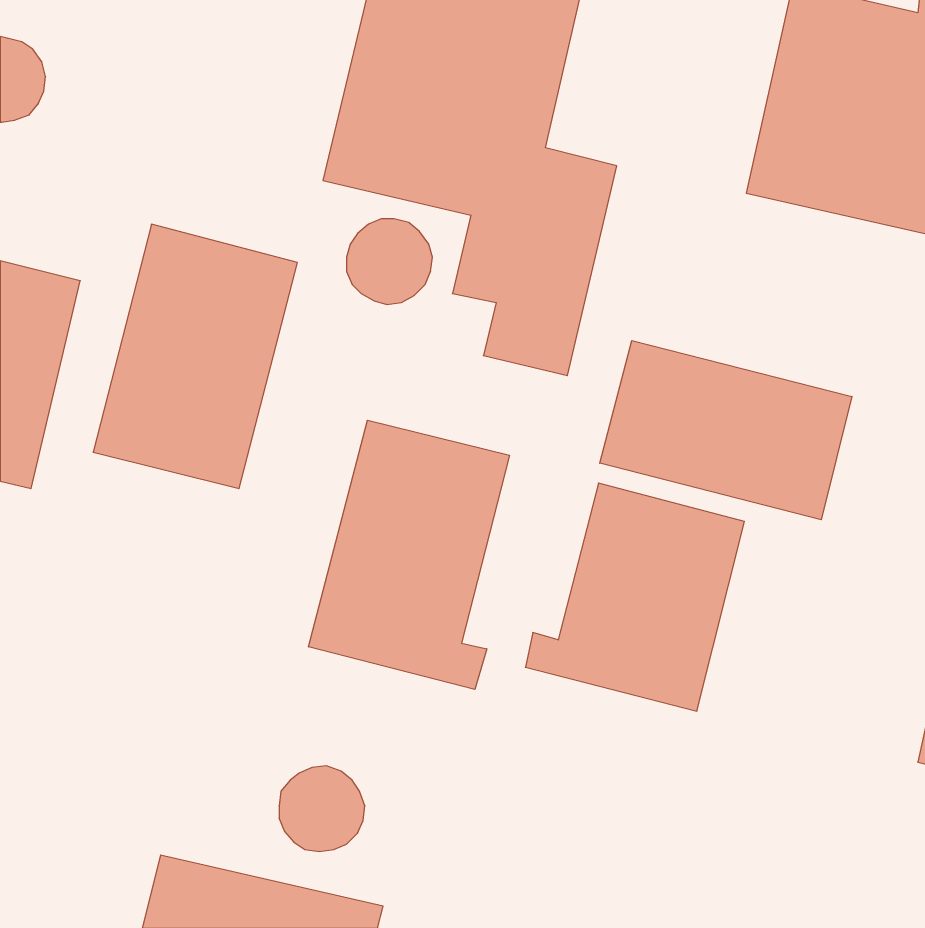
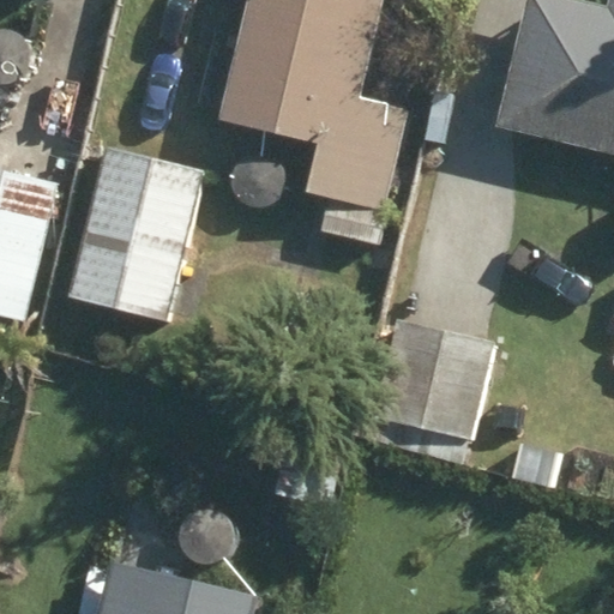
building: [600,341,852,520] -> none
building: [309,420,509,689] -> none

